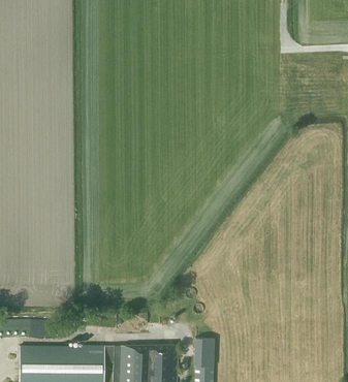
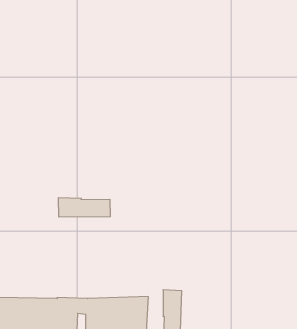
building: none -> [59,198,110,217]

